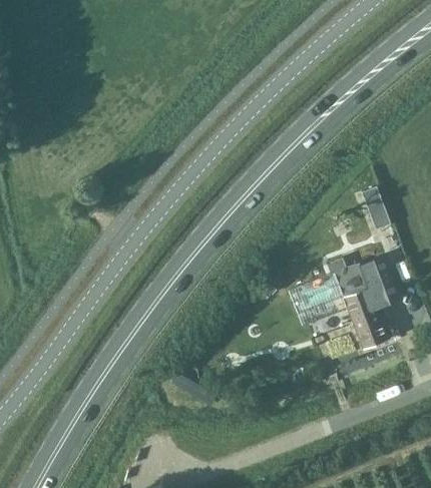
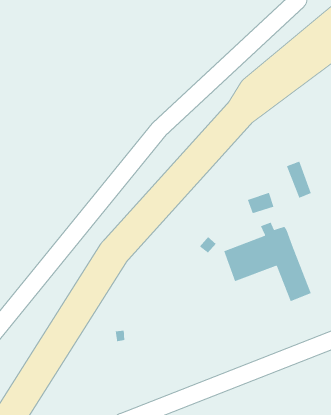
building: [364,259,396,285] -> [247,192,275,214]

